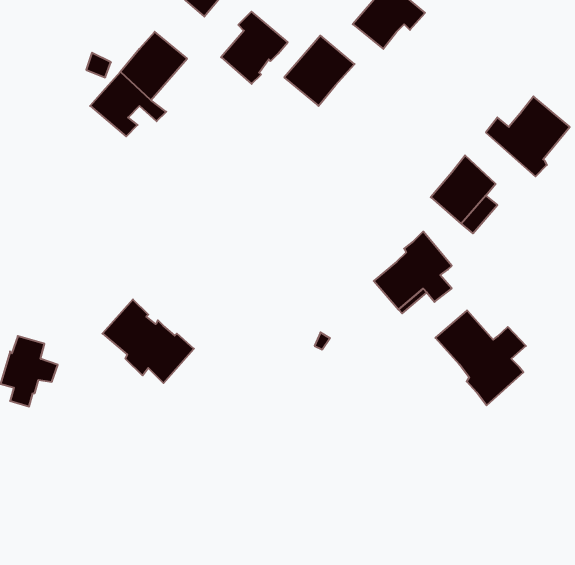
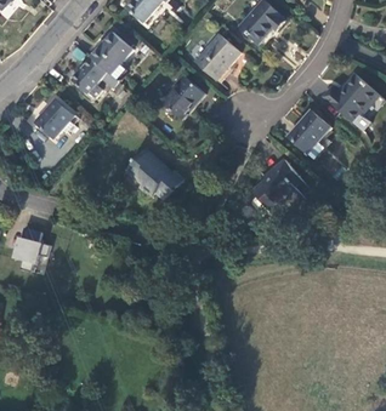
building: [221,12,288,84] -> [160,75,203,121]
building: none -> [32,99,72,139]
building: [102,299,194,383] -> [125,149,183,202]
building: [435,310,526,405] -> none

